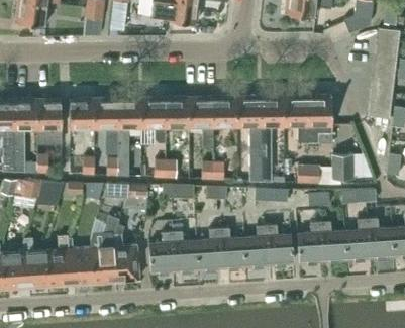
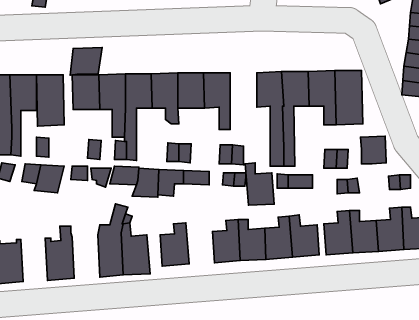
building: none -> [70,48,102,75]
building: [212,97,236,128] -> none
building: [172,232,198,270] -> [245,163,274,205]
building: [68,235,94,284] -> none
building: [22,238,46,287] -> none

